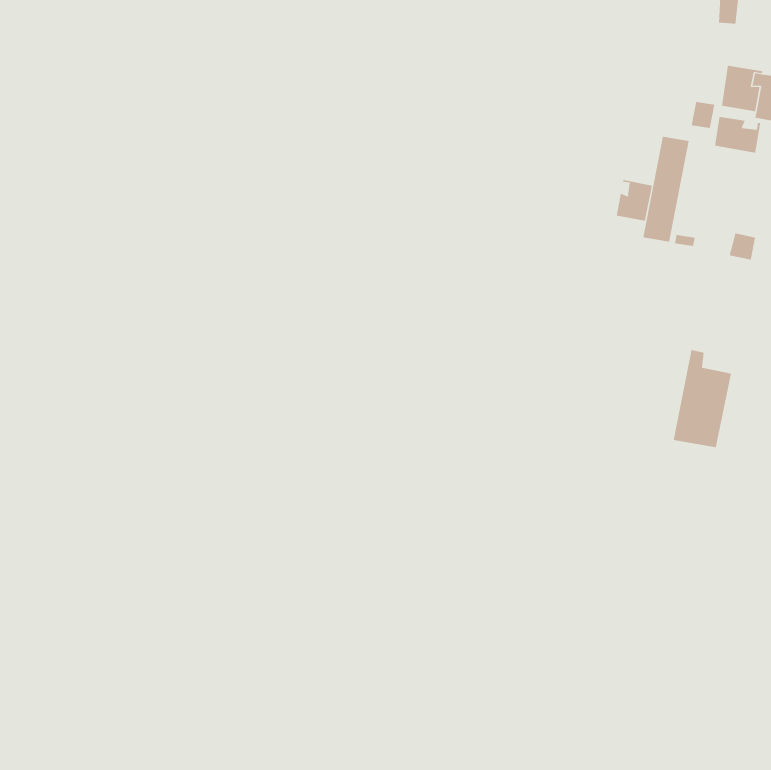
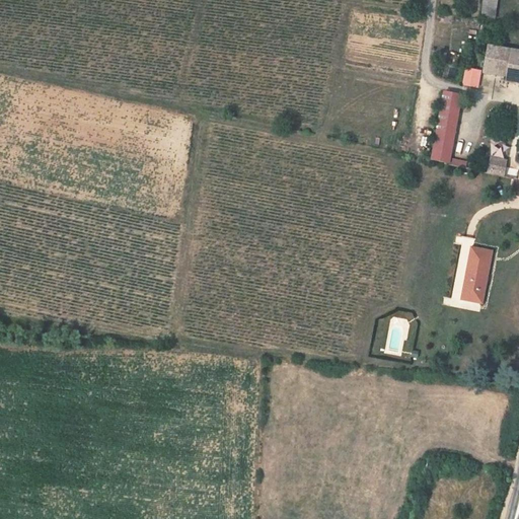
building: [715,116,761,154] -> none
building: [616,179,653,221] -> none

